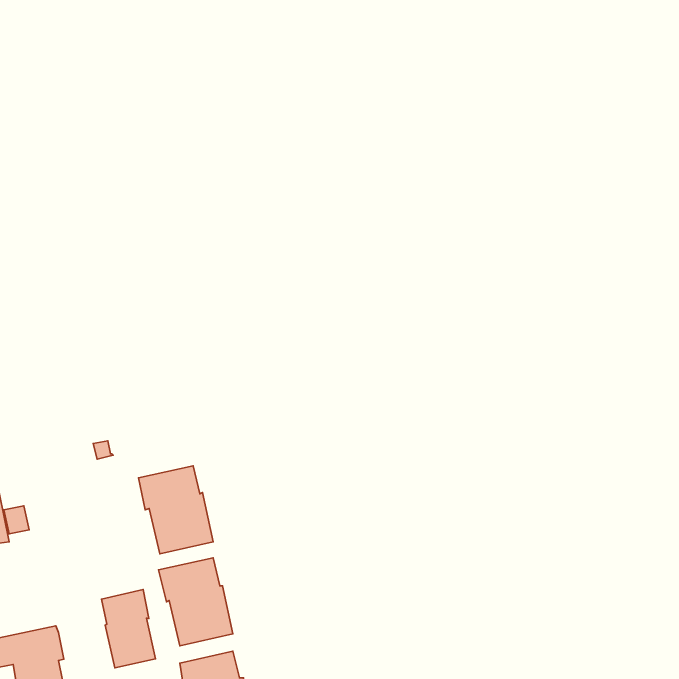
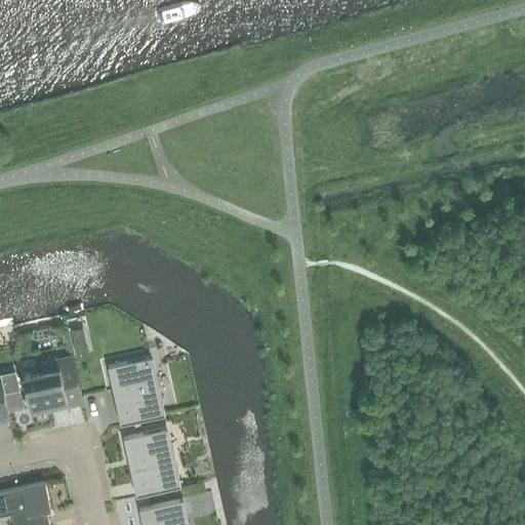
building: none -> [23,358,81,408]
building: [101,590,155,668] -> none

